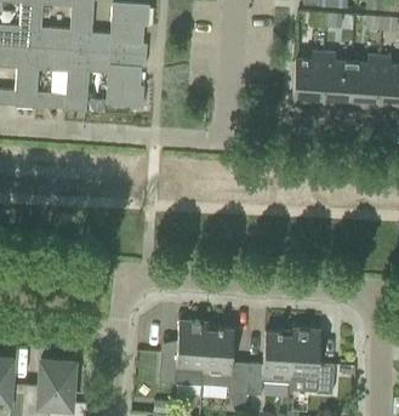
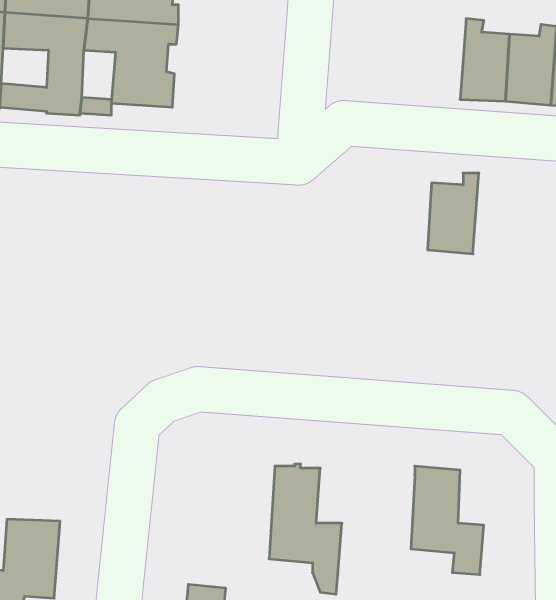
building: [292,52,324,102] -> [428,173,479,254]
building: [159,320,207,386] -> none
building: [245,330,292,395] -> none

